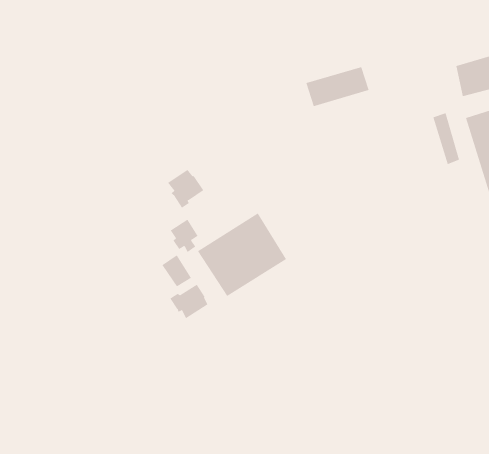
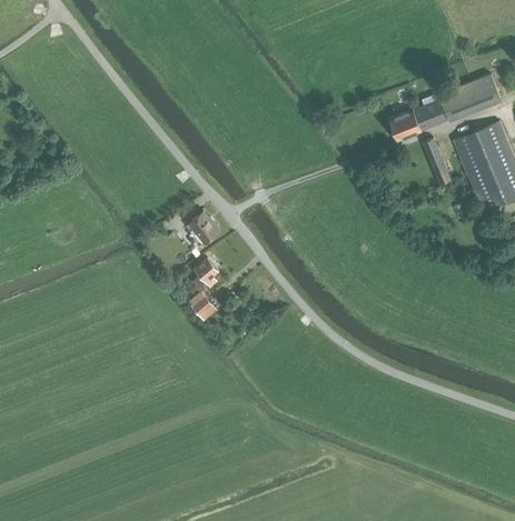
building: [306,66,369,107] -> [388,99,447,140]
building: [197,212,287,297] -> none
building: [169,284,208,319] -> none

